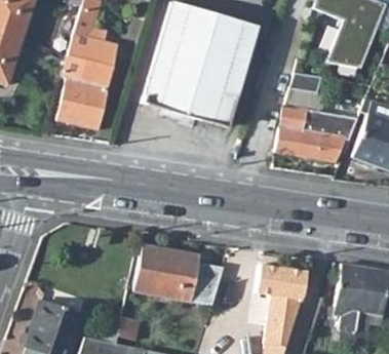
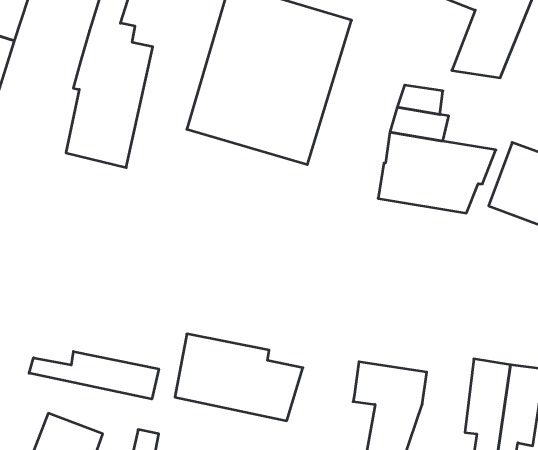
building: none -> [29,351,159,399]

